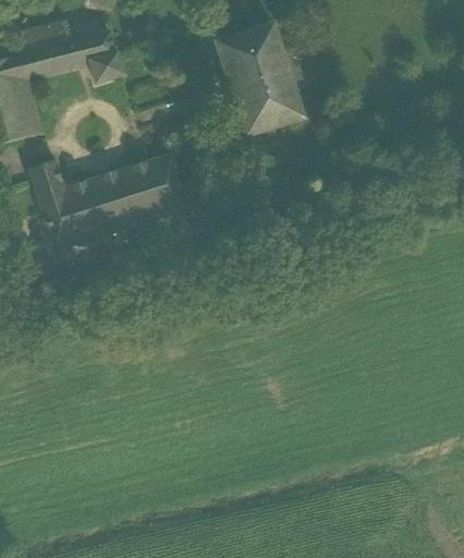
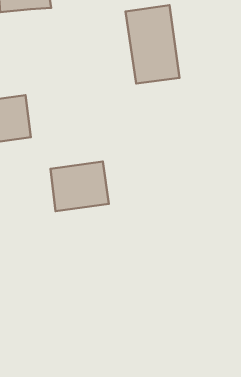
building: [88,53,122,82] -> none
building: [101,153,186,229] -> [50,161,109,211]

